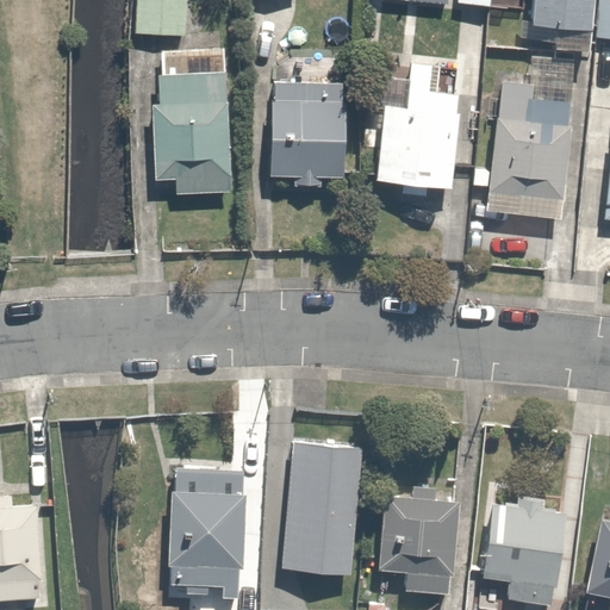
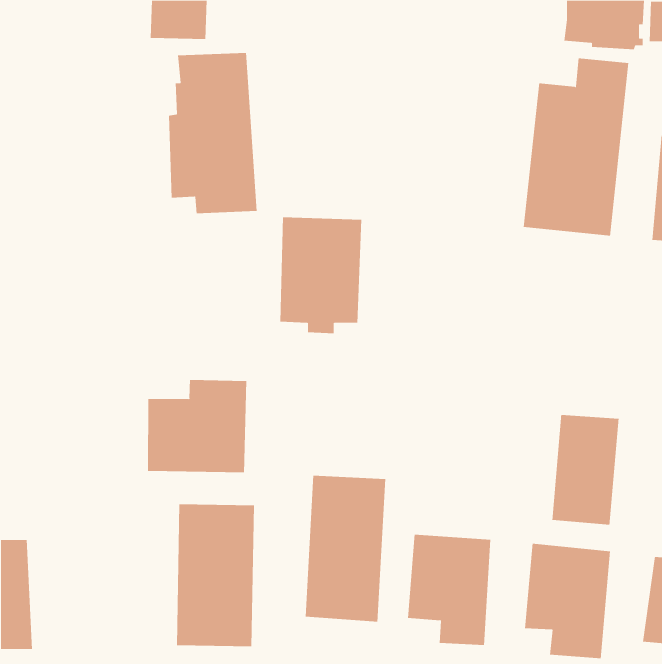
building: [373,63,454,189] -> none
building: [279,87,354,193] -> [279,217,362,334]
building: none -> [147,379,247,473]
building: none -> [552,414,619,525]

